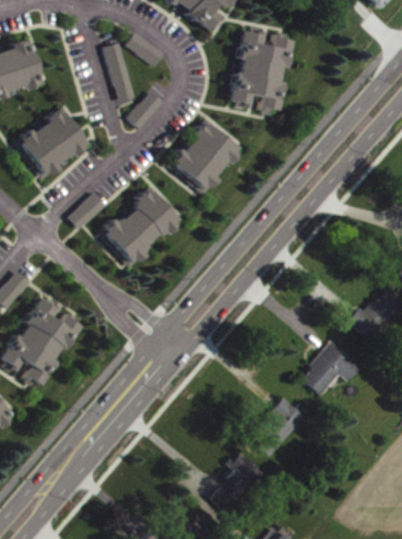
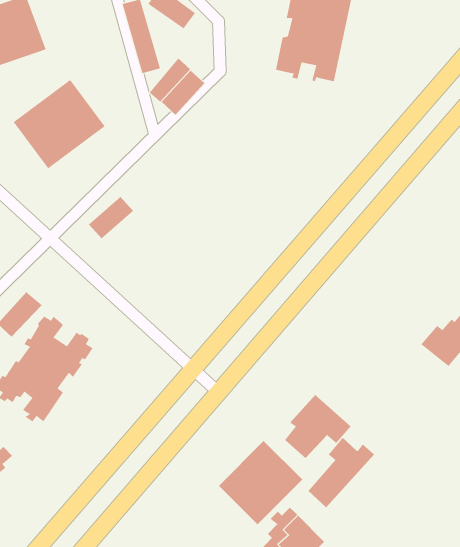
building: [166,119,241,193] -> none
building: [96,185,179,266] -> none
building: [304,340,358,393] -> [284,394,351,459]
building: none -> [218,440,303,525]

